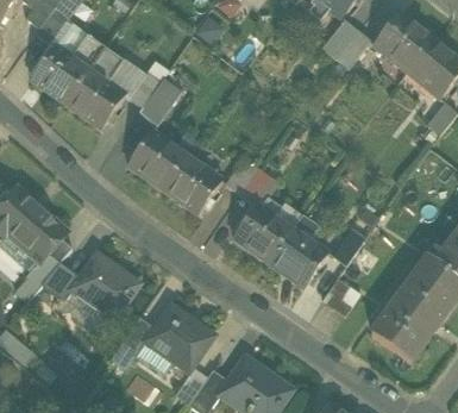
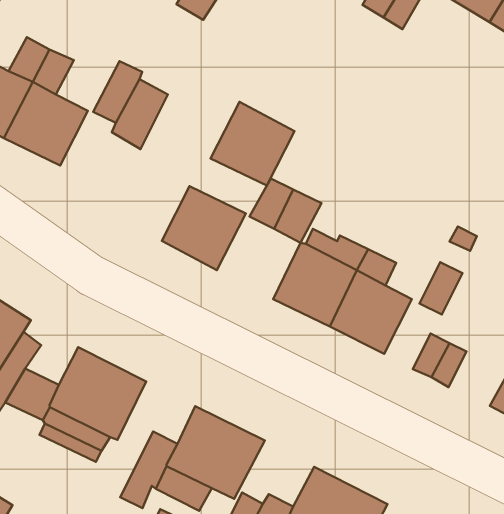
building: [127,129,187,188] -> [210,102,294,186]

